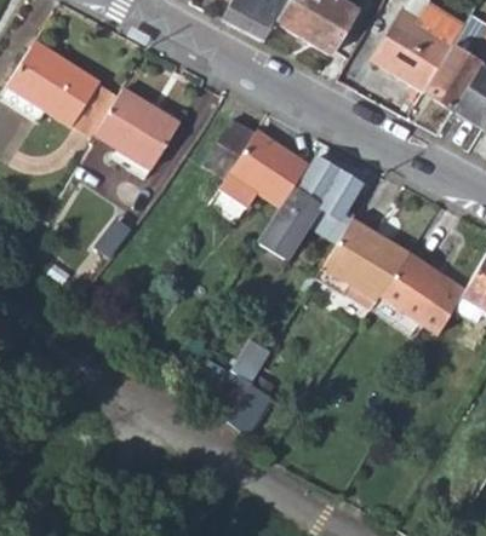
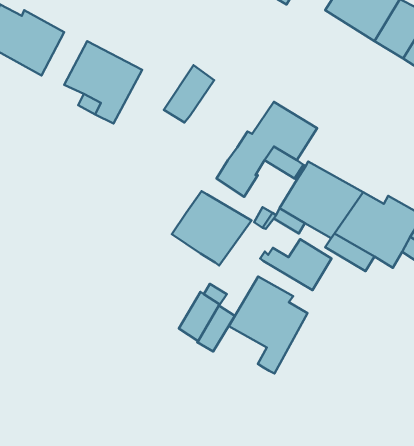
building: [230,128,308,204] -> none
building: none -> [172,191,252,266]
building: none -> [260,239,331,290]
building: none -> [229,276,307,374]

